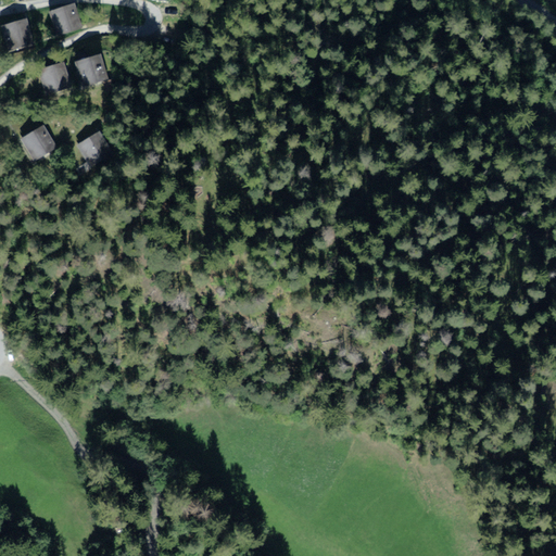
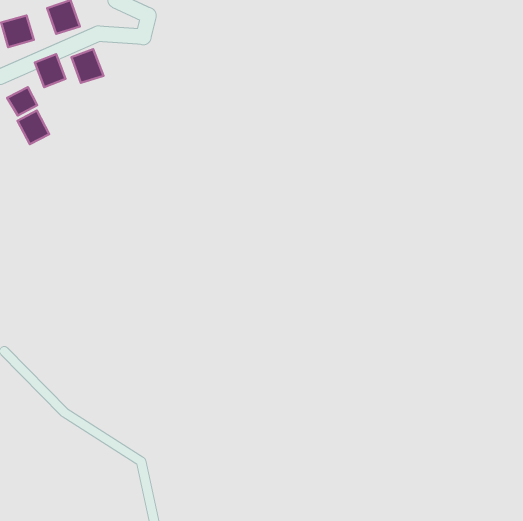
building: none -> [7,87,37,116]
building: [75,130,110,166] -> none

